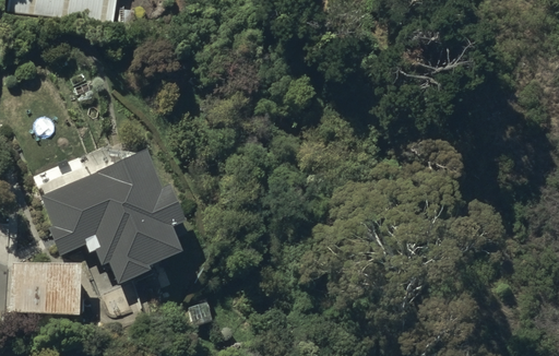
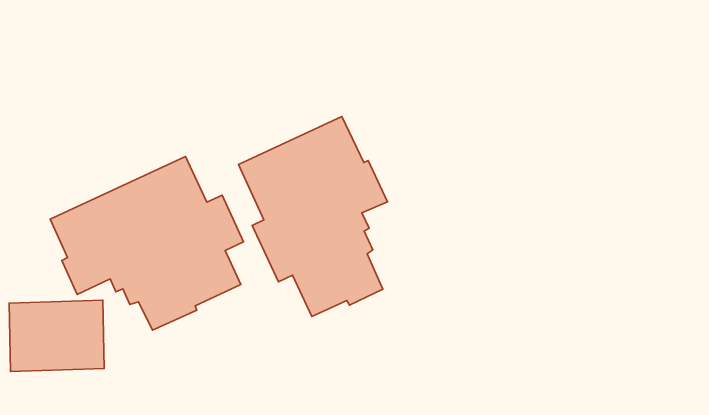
building: none -> [239,117,387,316]

